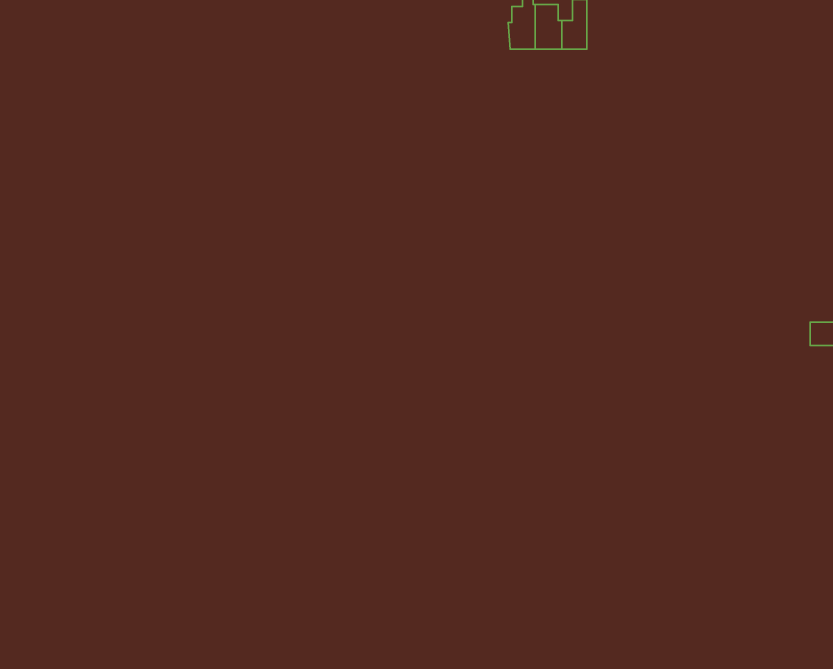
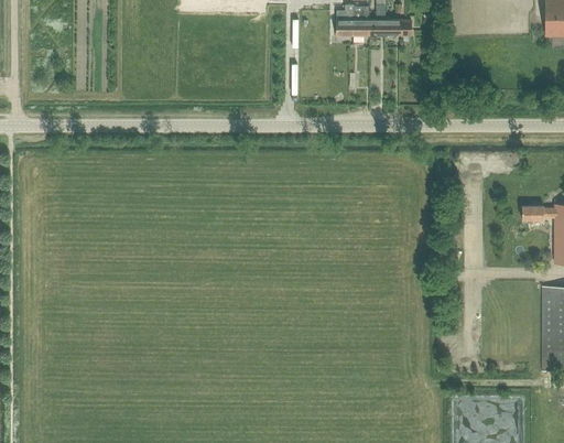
building: none -> [386,19,412,36]

